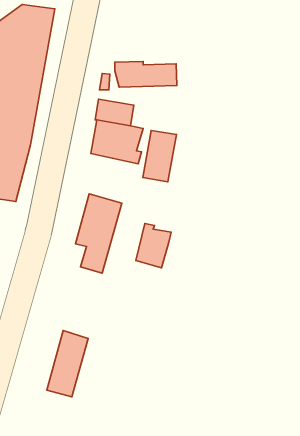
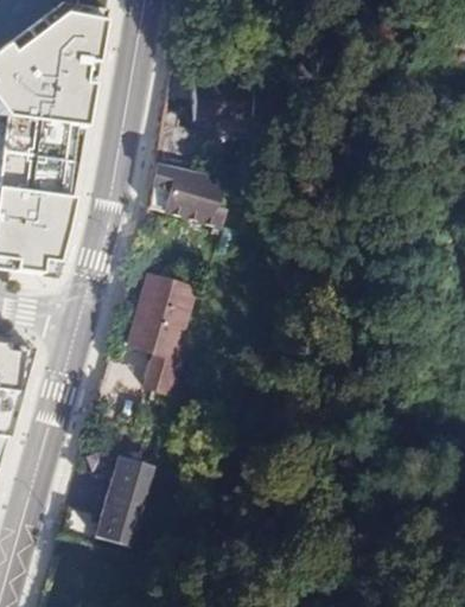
building: [143,131,176,182] -> none
building: [136,224,171,268] -> none

